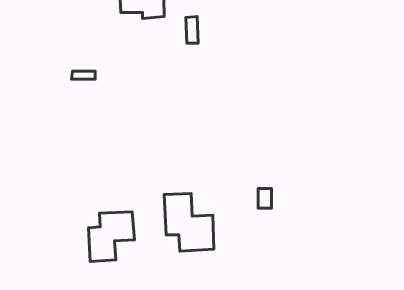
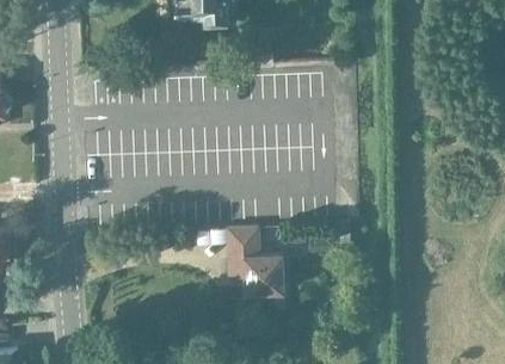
building: [88,212,134,261] -> none

